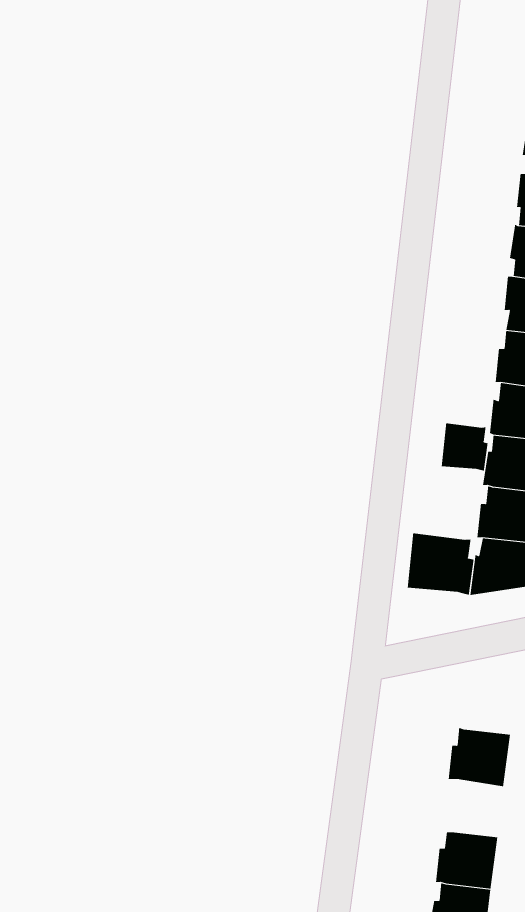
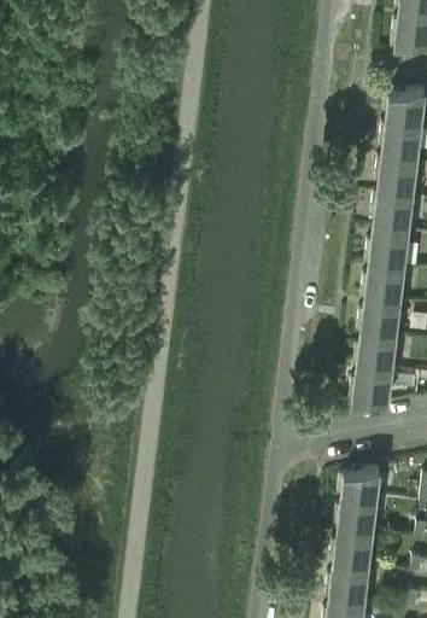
building: [441,422,488,472] -> none
building: [407,533,474,595] -> none
building: none -> [340,466,382,496]
building: none -> [332,526,374,565]

